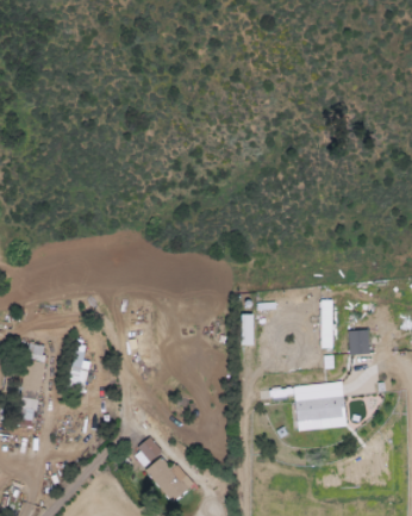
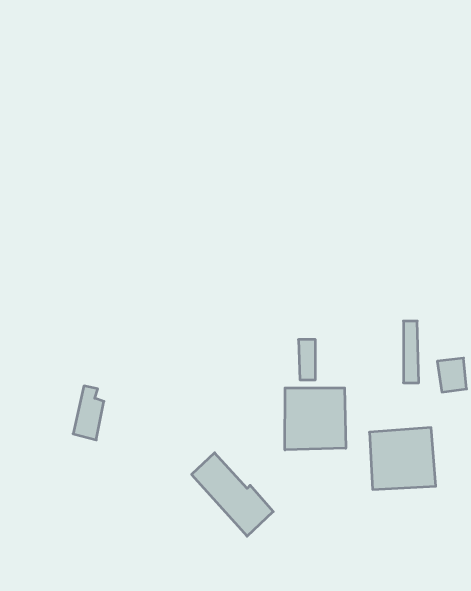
building: none -> [285,388,346,450]
building: [131,439,194,503] -> [192,453,273,536]

